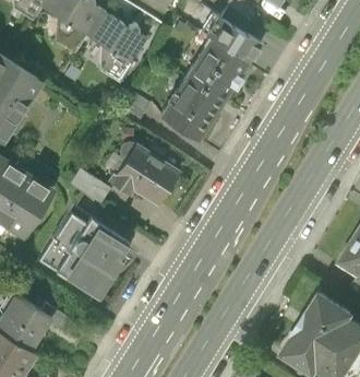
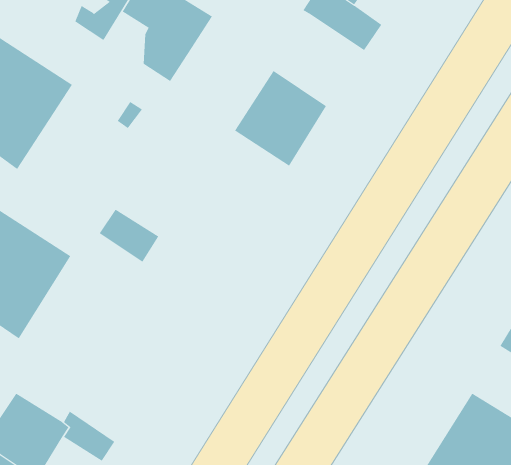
building: [187,38,248,99] -> none
building: [109,142,178,202] -> none
building: [38,214,128,298] -> none

